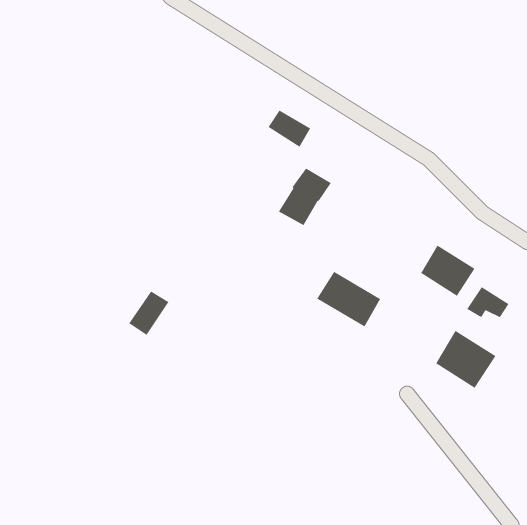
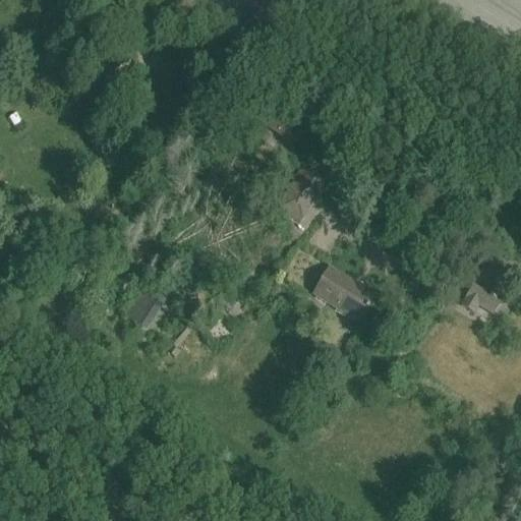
building: [420,245,475,297] -> none
building: [435,330,496,389] -> none

